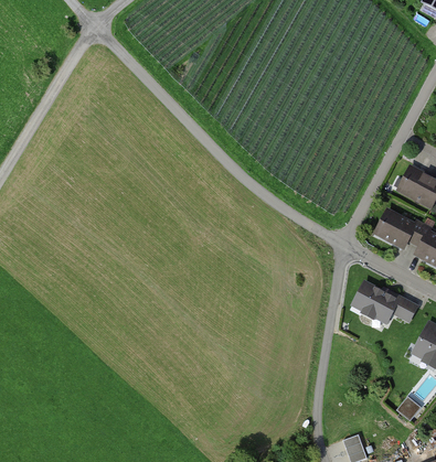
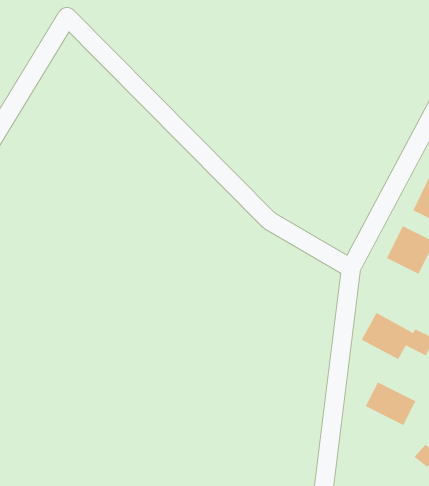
building: none -> [365,382,416,426]

